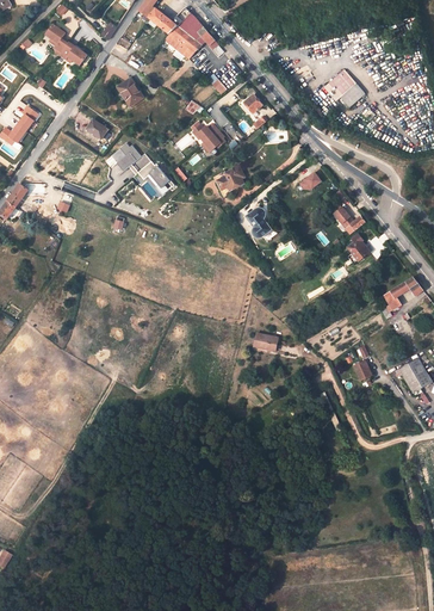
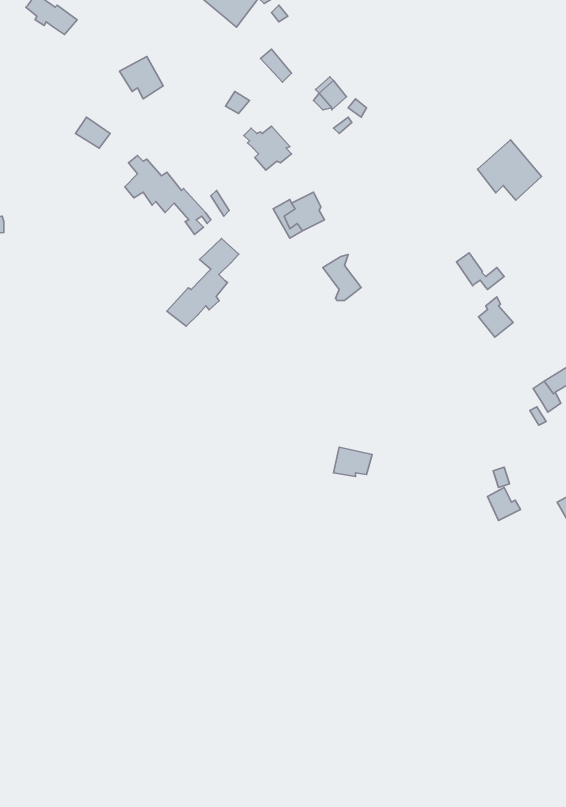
building: [321,70,362,110] -> [477,140,541,200]
building: none -> [167,238,239,326]

